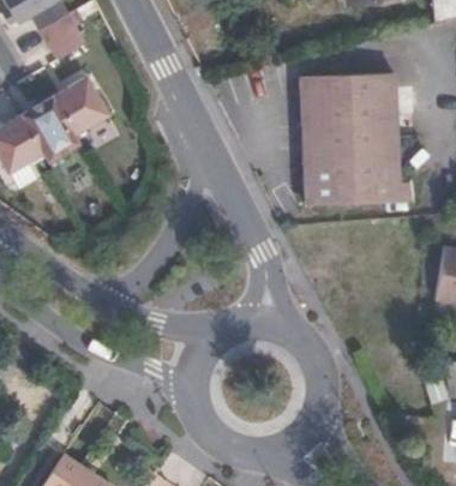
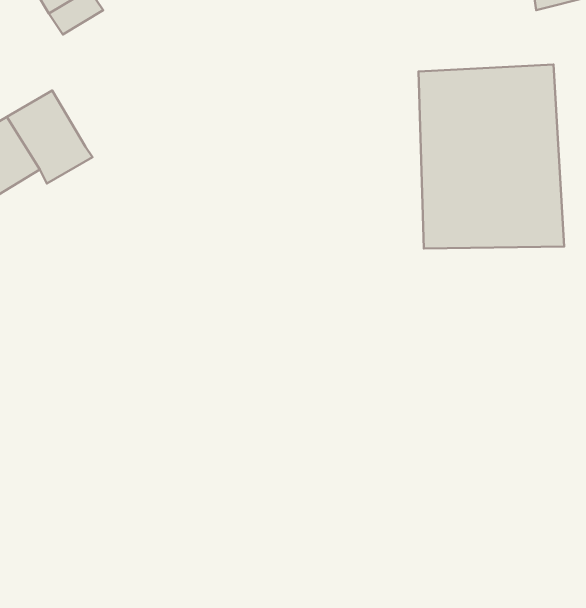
building: [50,72,109,132] -> none

